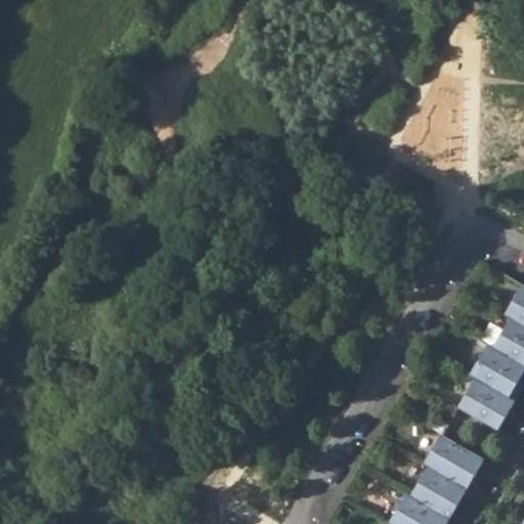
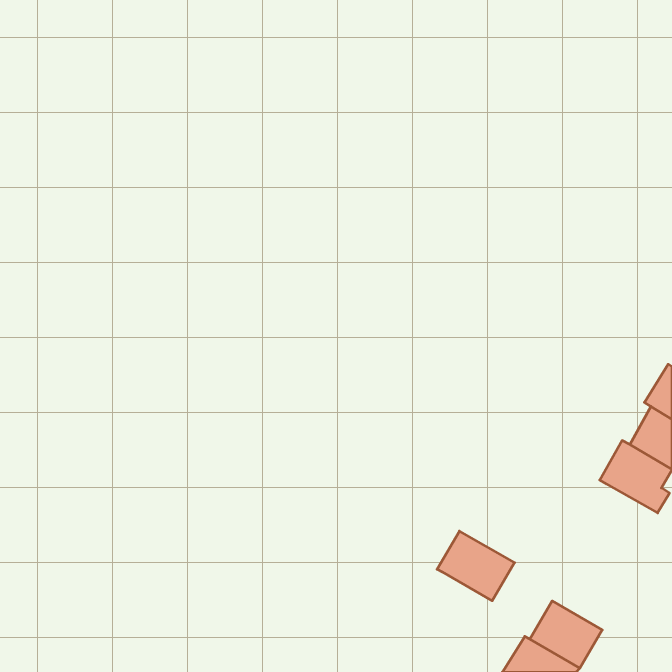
building: [454,377,512,426] -> none
building: [426,436,486,490] -> [437,531,515,601]

